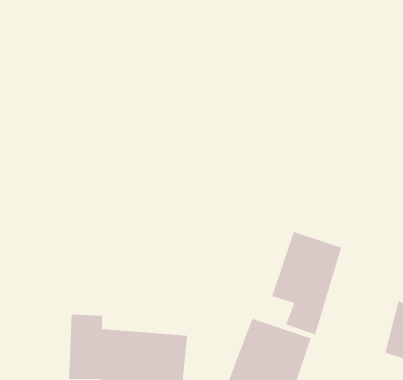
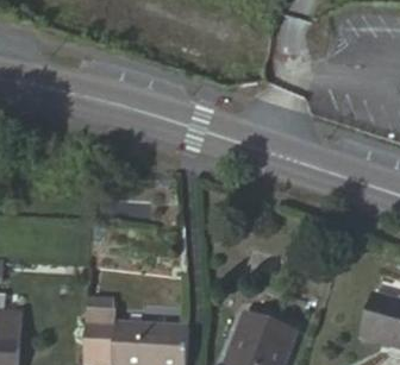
building: [272,231,342,335] -> none

